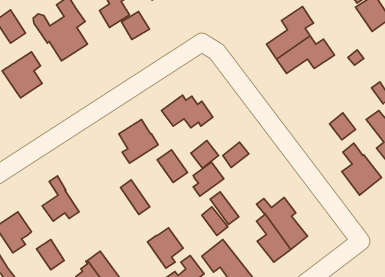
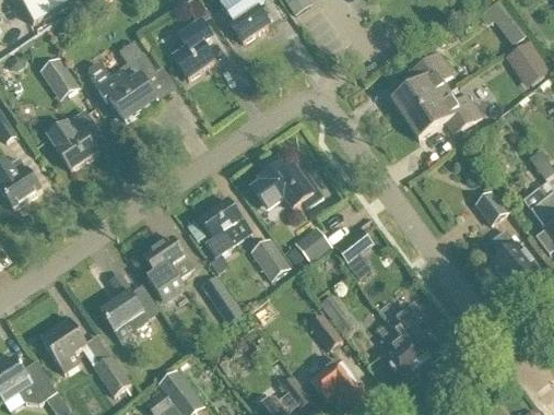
building: [122,11,150,40] -> none
building: none -> [144,236,193,303]
building: [193,162,224,196] -> none
building: [148,228,183,268] -> none

